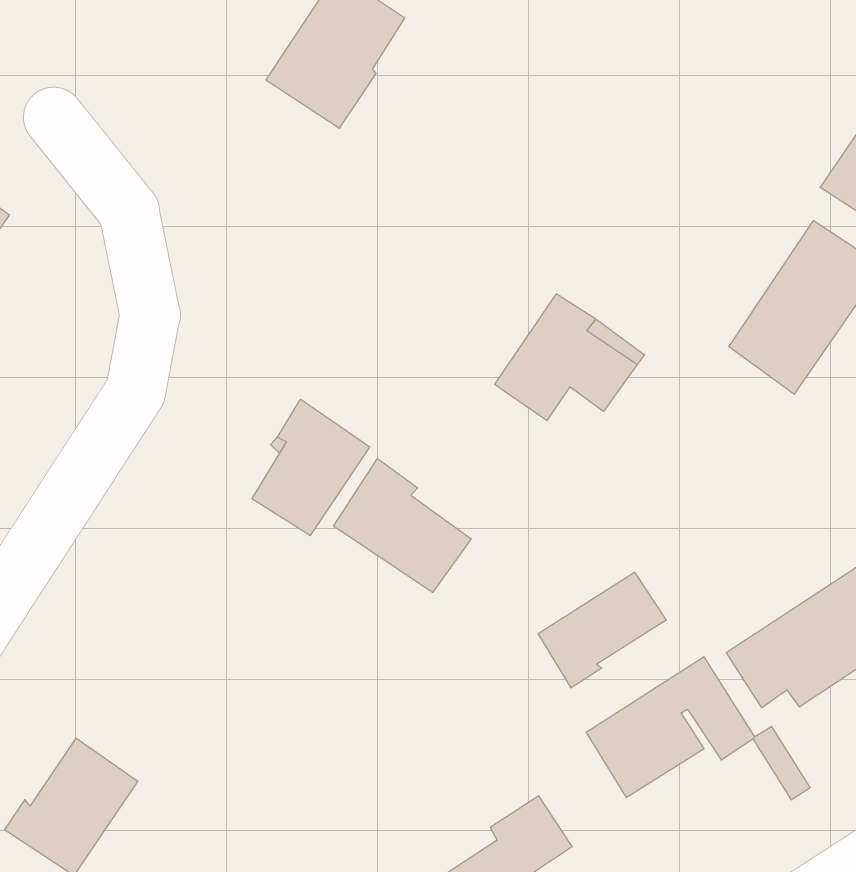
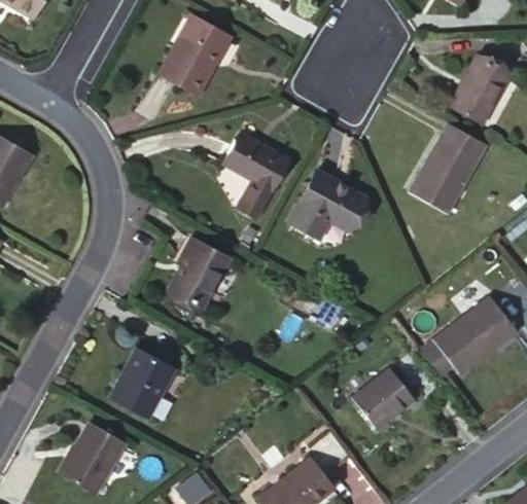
building: none -> [224,133,289,217]
building: [334,459,471,592] -> none
building: [538,572,666,688] -> none
building: none -> [110,349,175,418]

